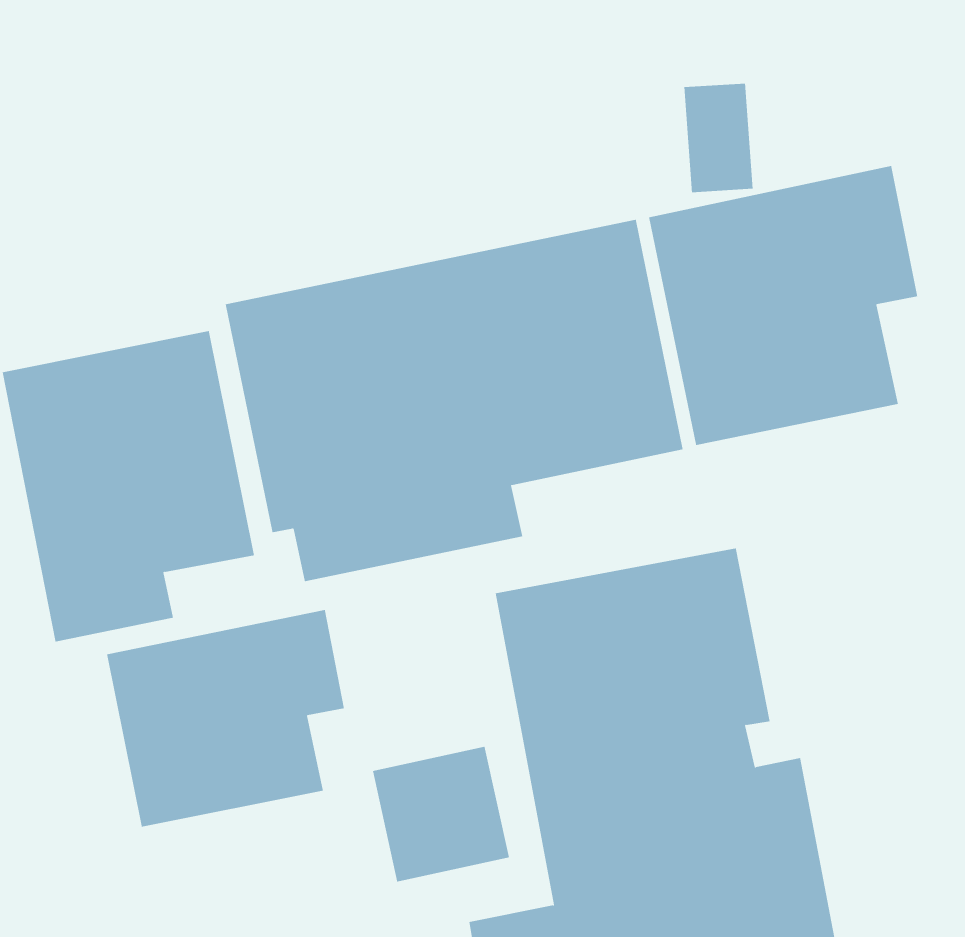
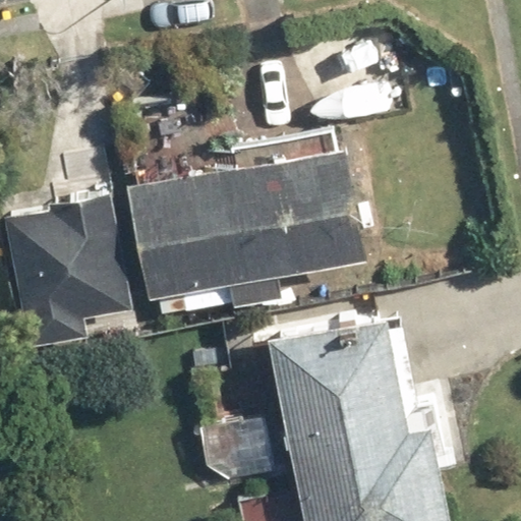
building: [648,165,918,446] -> none
building: [107,609,344,827] -> none

